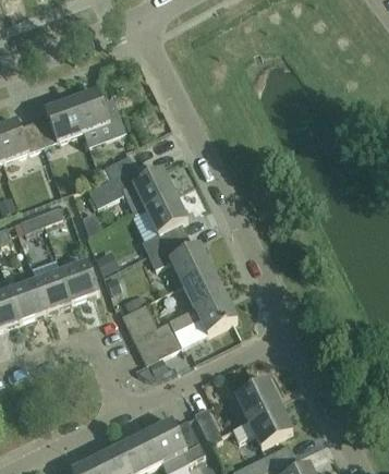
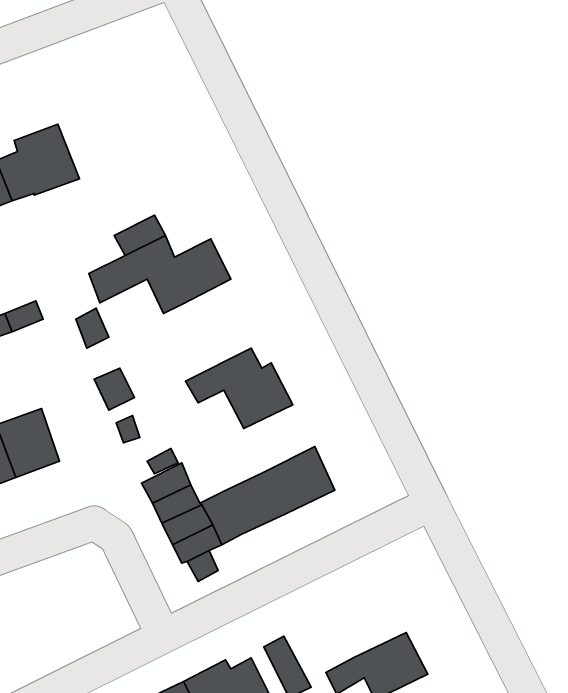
building: [71,89,124,144] -> none
building: [141,192,187,253] -> none
building: [61,259,99,301] -> none
building: [182,267,223,307] -> none
building: [235,378,279,418] -> none

